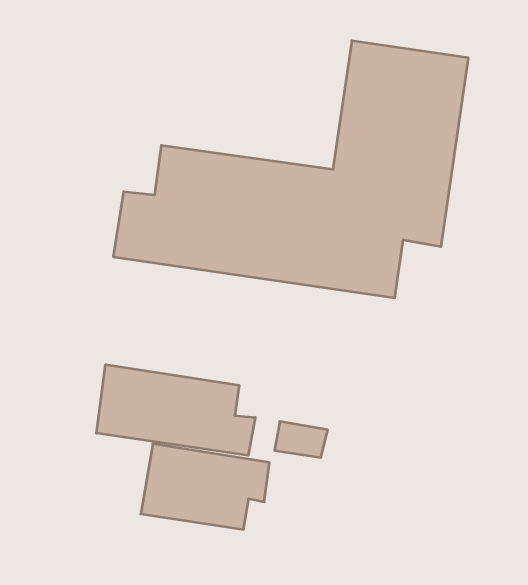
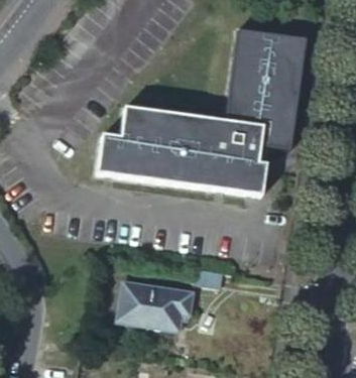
building: [96,365,255,455] -> none

